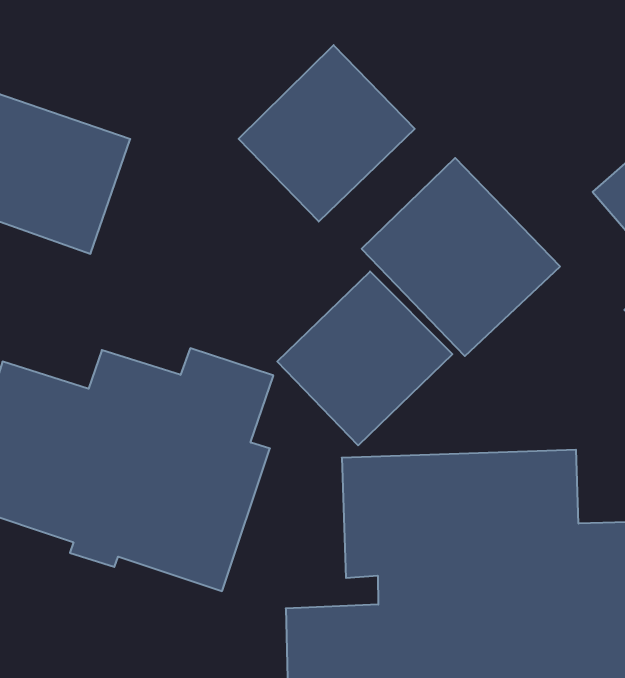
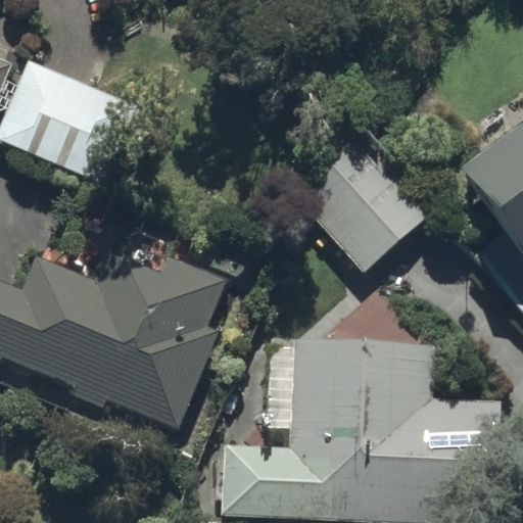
building: [239,45,415,222] -> none
building: [277,271,452,445] -> none

